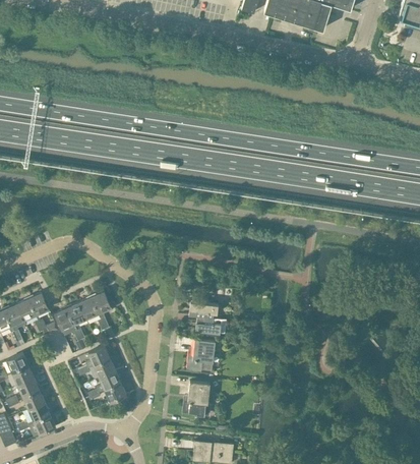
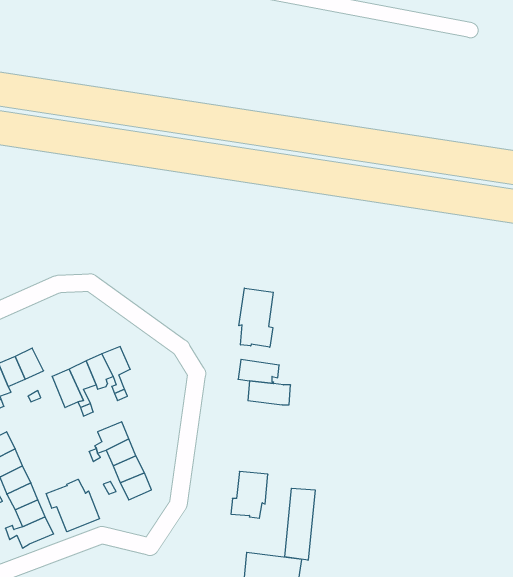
building: none -> [239,288,273,347]
building: [187,339,215,371] -> none
building: none -> [46,479,99,532]
building: none -> [285,488,315,560]

